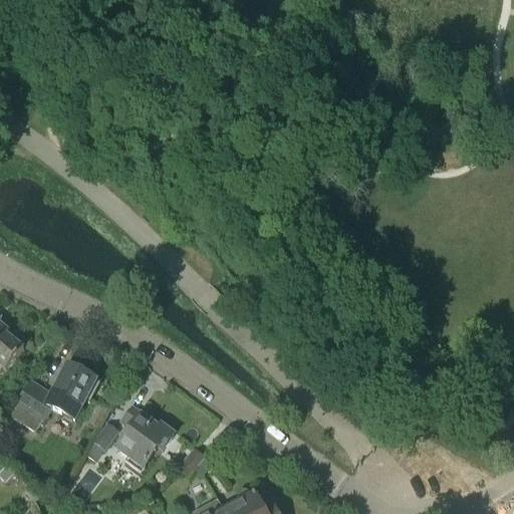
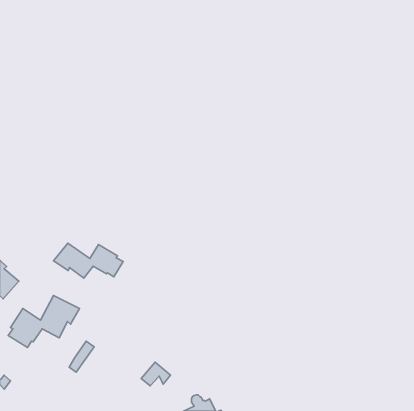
building: none -> [54,243,123,278]
building: [115,405,172,467] -> none

